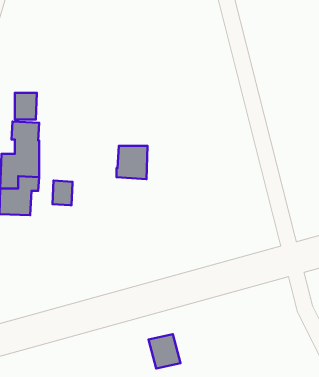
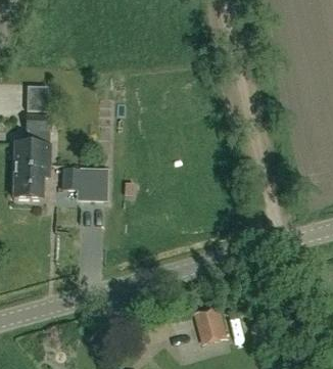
building: [117,146,148,179] -> [79,170,107,200]
building: [148,334,181,369] -> [196,309,226,340]

